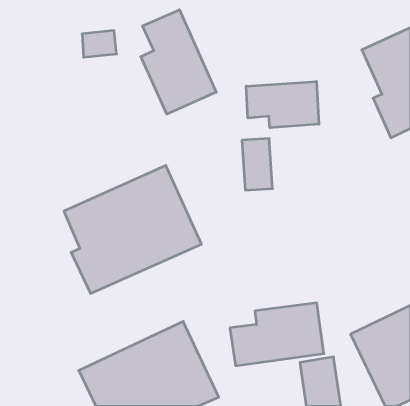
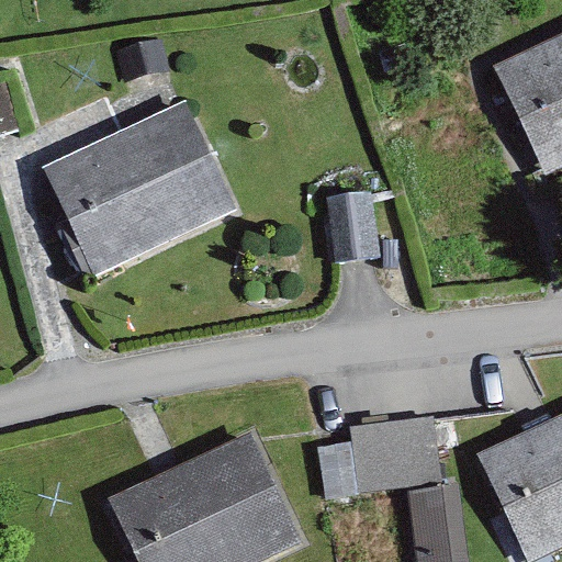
building: [141,10,216,114] -> none
building: [246,81,319,128] -> none
building: [64,165,201,293] -> [48,102,236,277]

